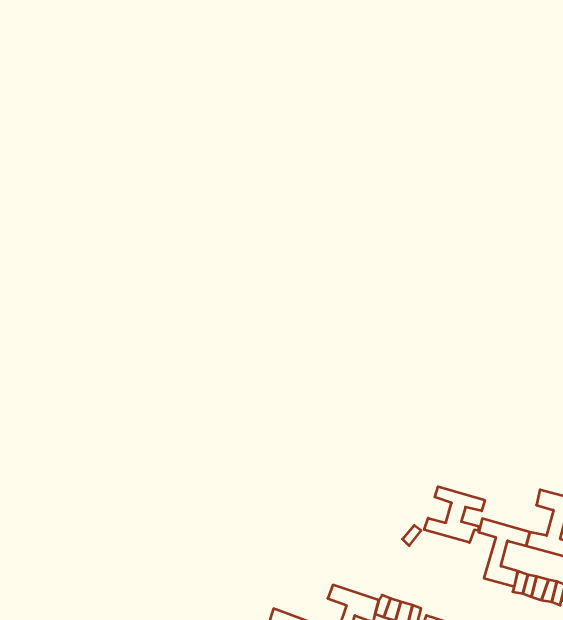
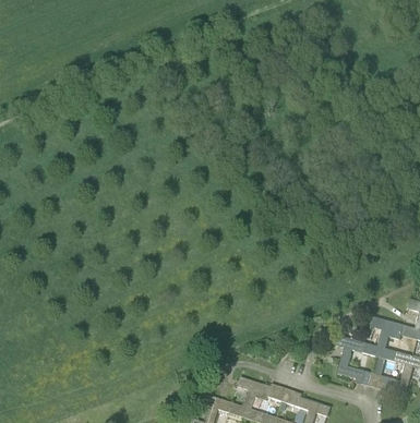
building: [424,487,485,543] -> none

